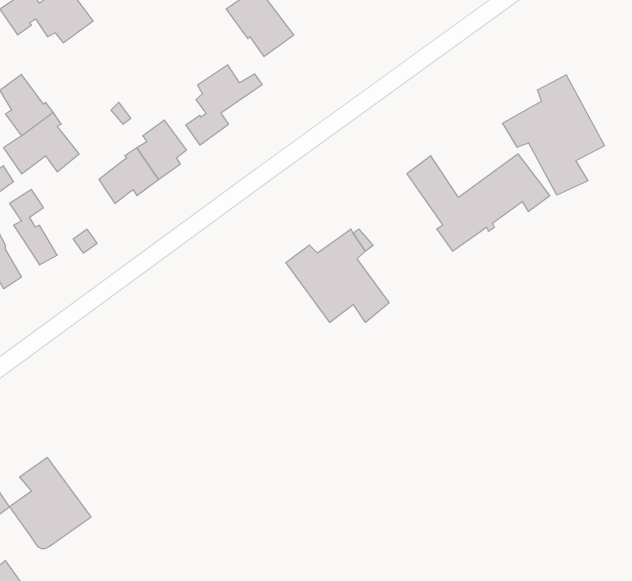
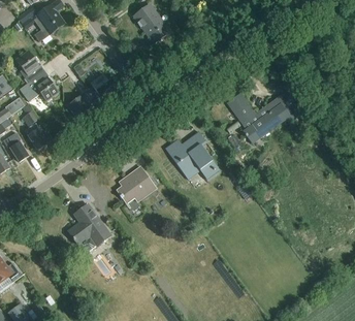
building: [186,65,262,145] -> none
building: [502,75,604,195] -> none
building: none -> [117,166,156,203]
building: [10,457,91,549] -> [68,204,110,252]

